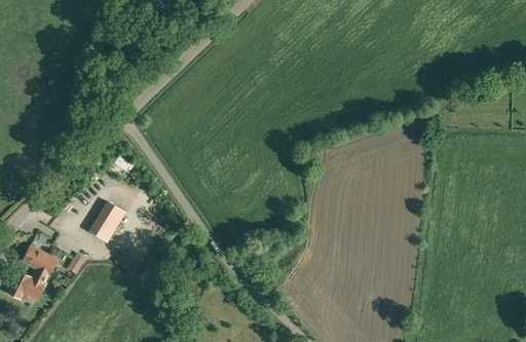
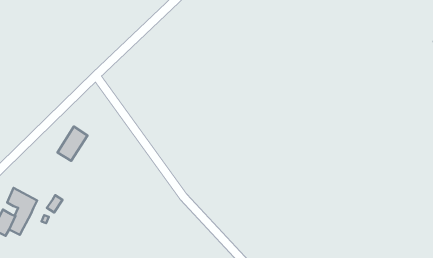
building: [91,204,125,243] -> [58,126,87,161]

